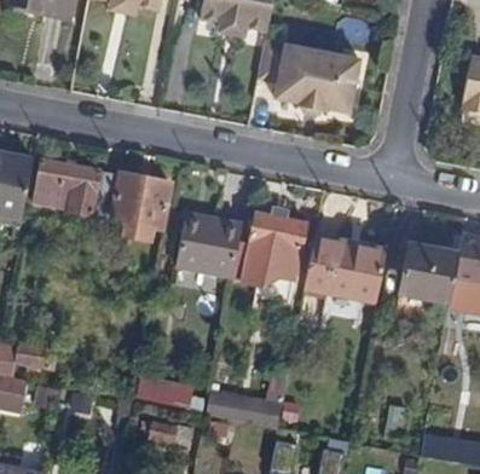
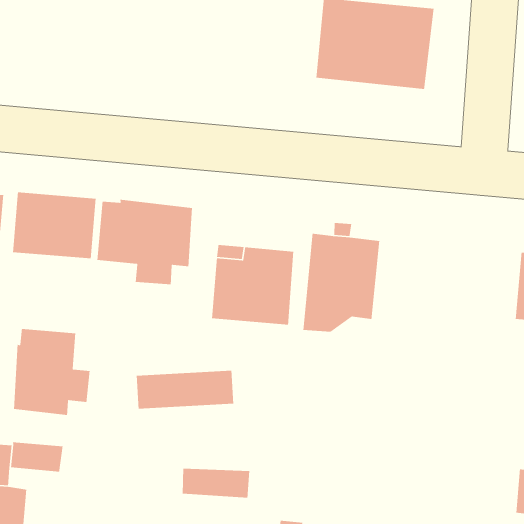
building: [305,239,383,302] -> none
building: none -> [13,328,90,416]
building: [208,393,281,422] -> [136,370,234,409]

